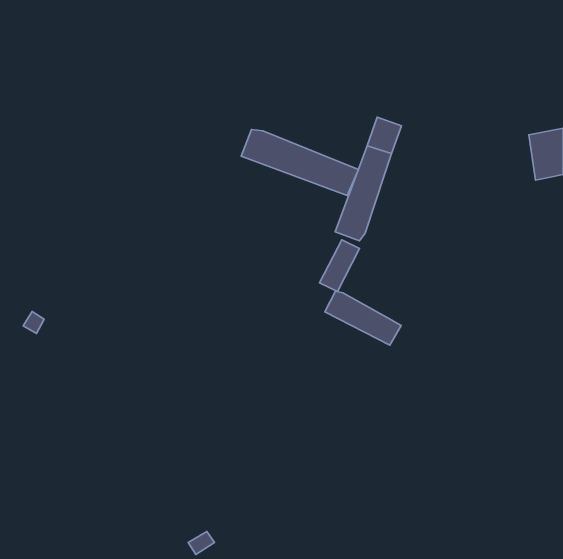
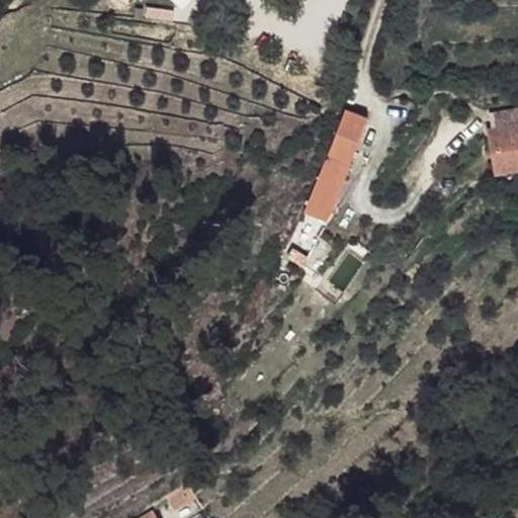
building: [241,129,358,196] -> none
building: [325,291,401,345] -> none

